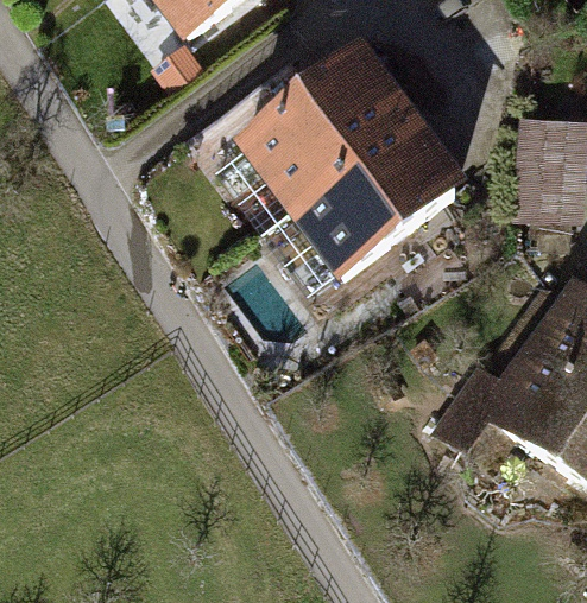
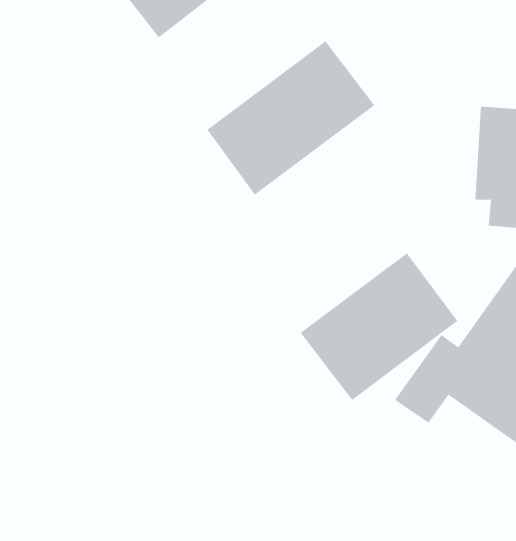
building: [283,113,465,280] -> none
building: none -> [300,252,458,401]

